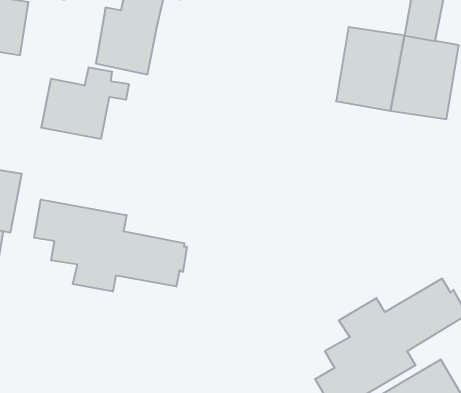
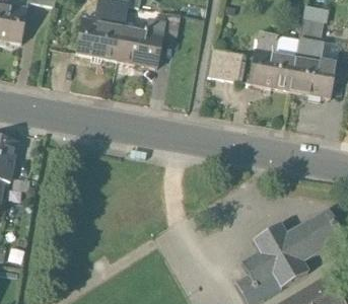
building: none -> [207,47,241,81]
building: [41,67,129,139] -> [114,18,178,70]
building: [34,199,187,292] -> none

